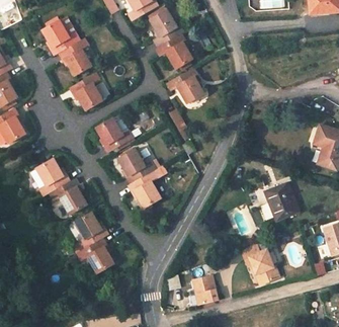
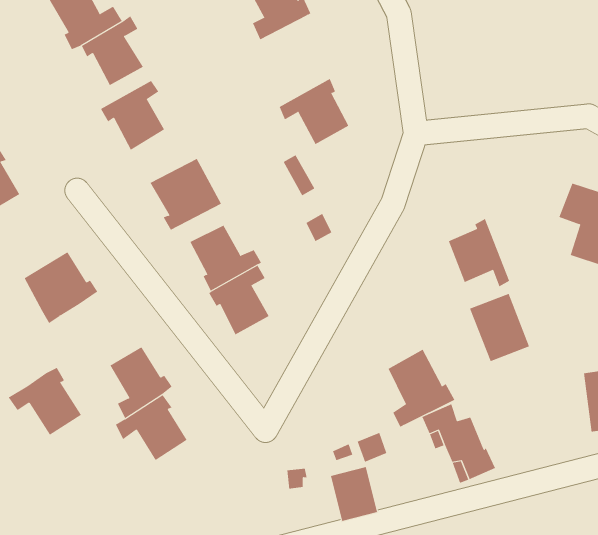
building: [152,35,189,70] -> none
building: none -> [448,218,510,287]
building: [48,179,87,216] -> [8,367,82,436]
building: none -> [388,349,455,428]

